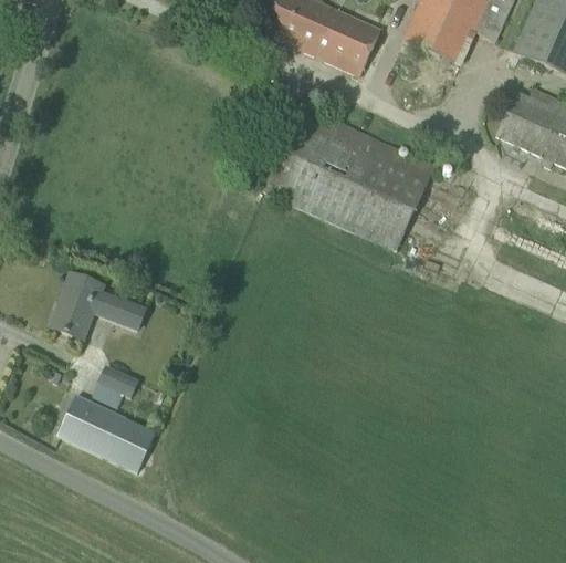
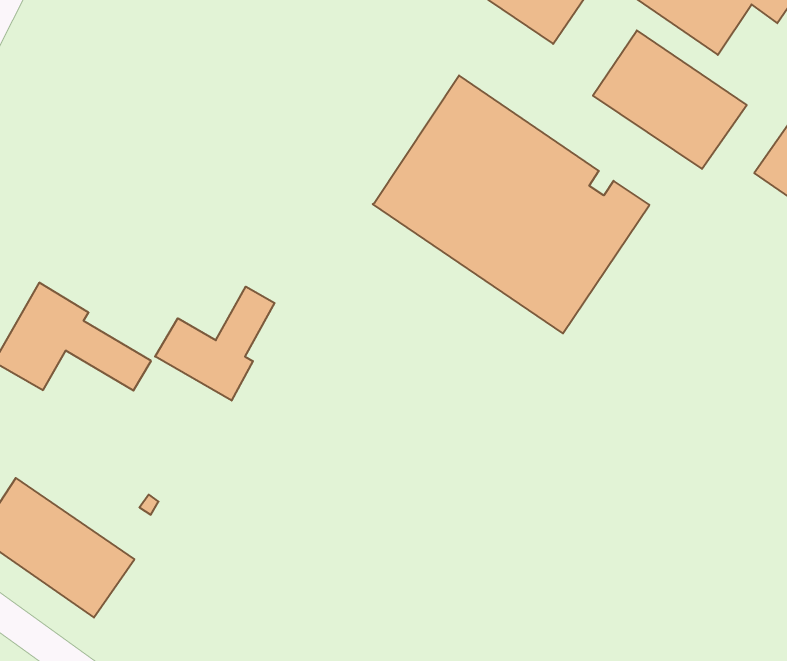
building: none -> [593,30,747,169]
building: none -> [155,287,275,401]
building: [92,366,138,408] -> none

